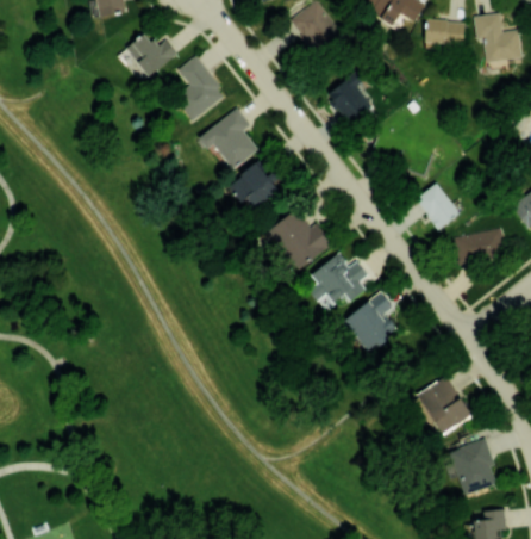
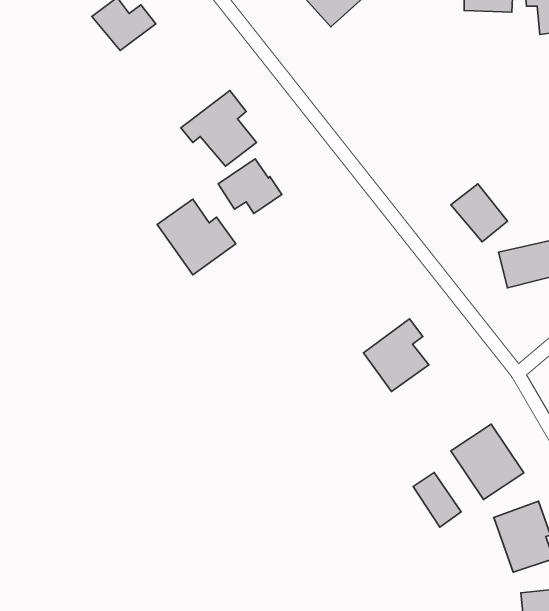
building: [175,55,226,120] -> none
building: [327,73,371,123] -> none
building: [268,209,331,270] -> [157,199,236,275]
building: [308,252,368,303] -> none
building: none -> [413,472,461,527]

